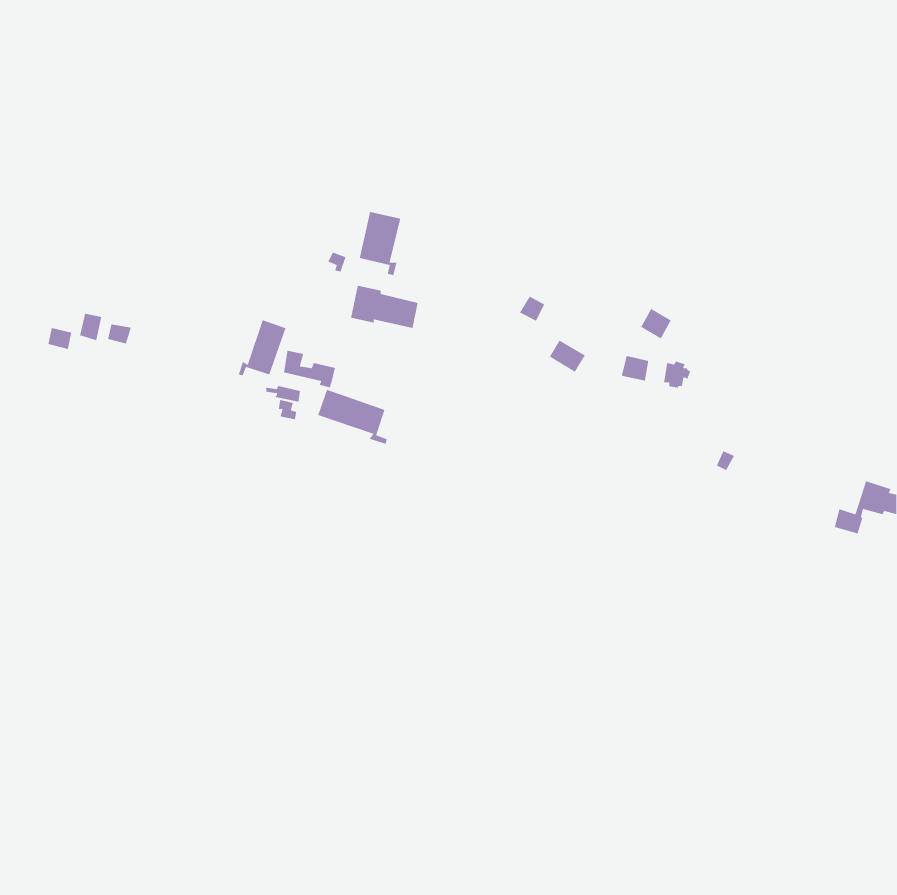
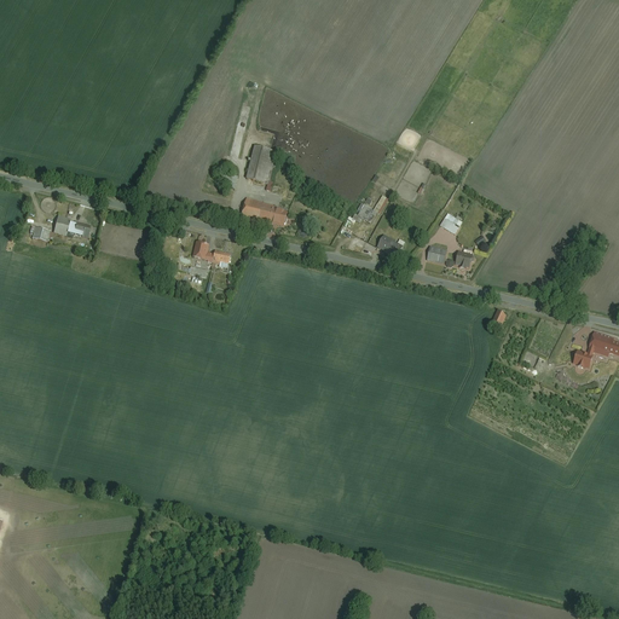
building: [238,319,287,377] -> none
building: [317,389,388,445] -> none

